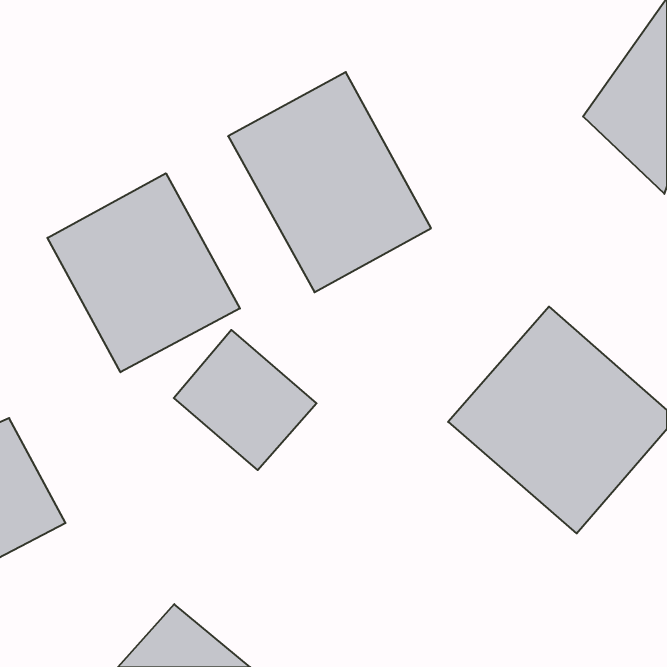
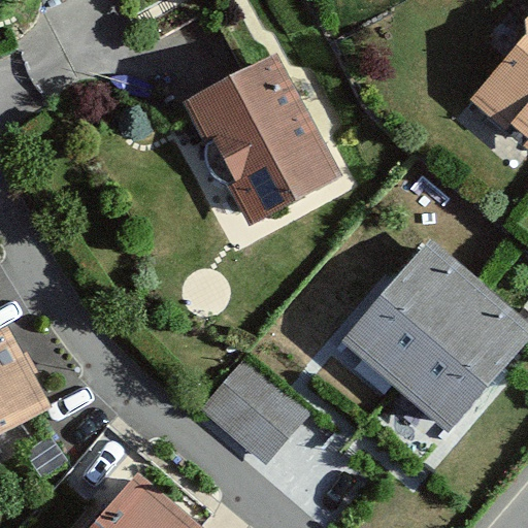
building: [47,173,240,372] -> none
building: [174,330,317,470] -> [198,356,310,466]

